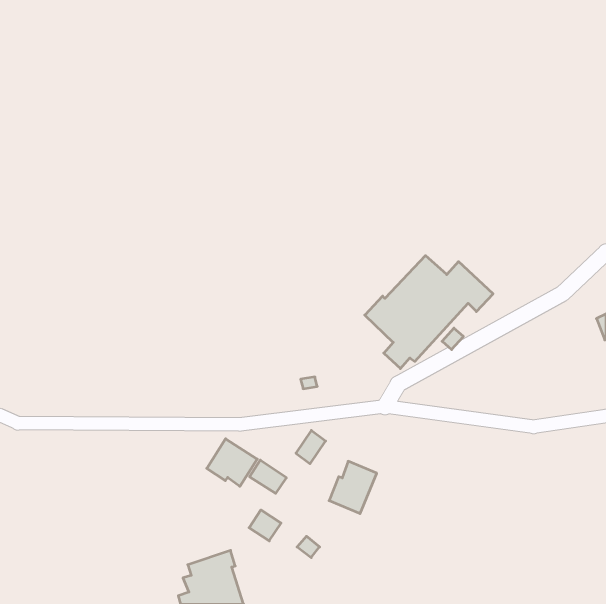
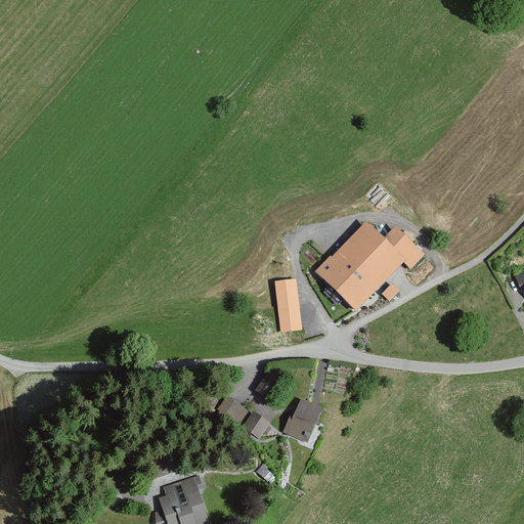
building: none -> [275,280,304,333]
building: [207,439,257,486] -> none
building: [249,510,281,541] -> [243,411,270,438]

